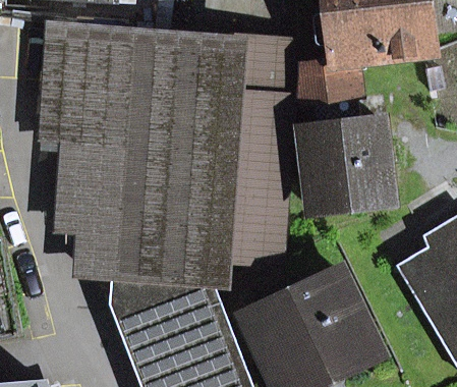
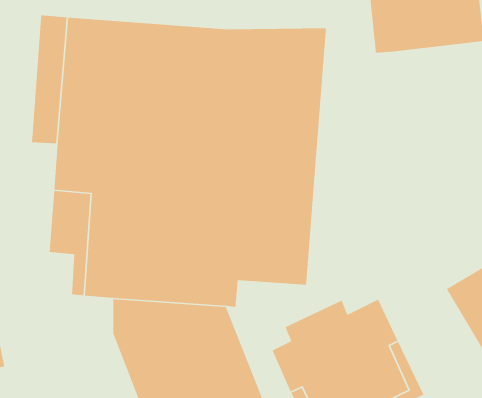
building: [299,61,391,210] -> none

